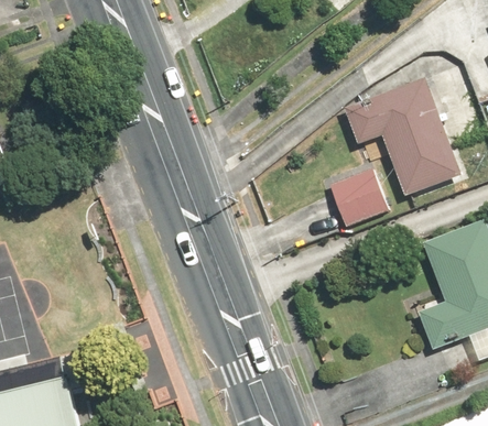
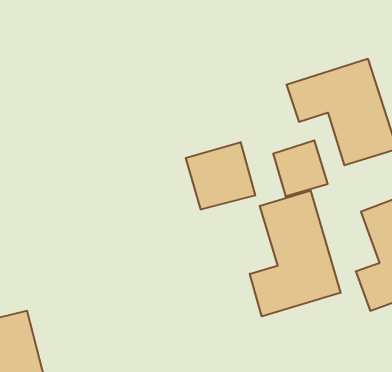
building: none -> [186,142,255,210]
building: none -> [250,190,341,316]

